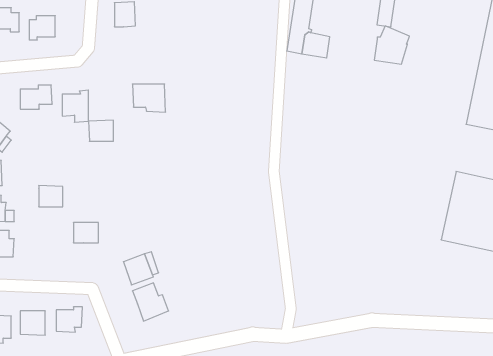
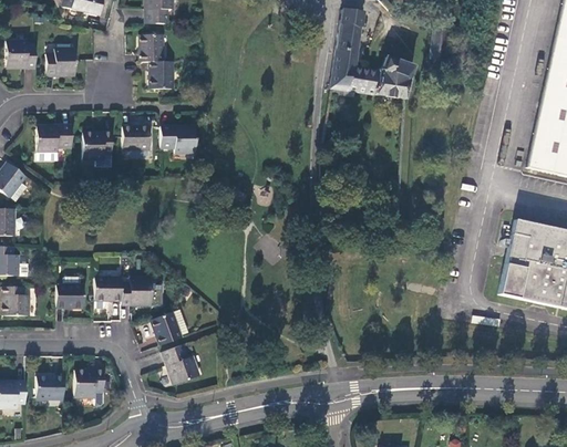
building: none -> [150,60,173,87]
building: [374,26,409,64] -> [374,58,413,100]
building: [88,120,113,141] -> [121,125,148,148]
building: [39,186,63,207] -> [56,283,83,306]
building: none -> [122,277,151,303]

